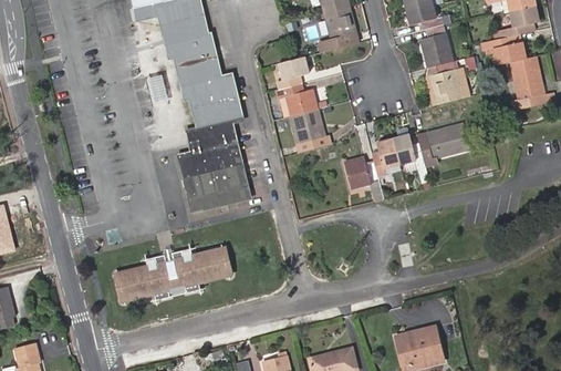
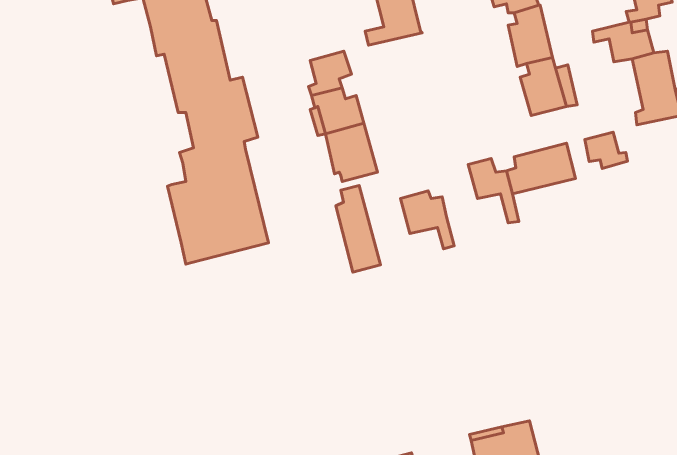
building: none -> [585,132,628,168]
building: [371,138,398,176] -> none
building: none -> [336,186,381,272]
building: [117,243,229,300] -> none

